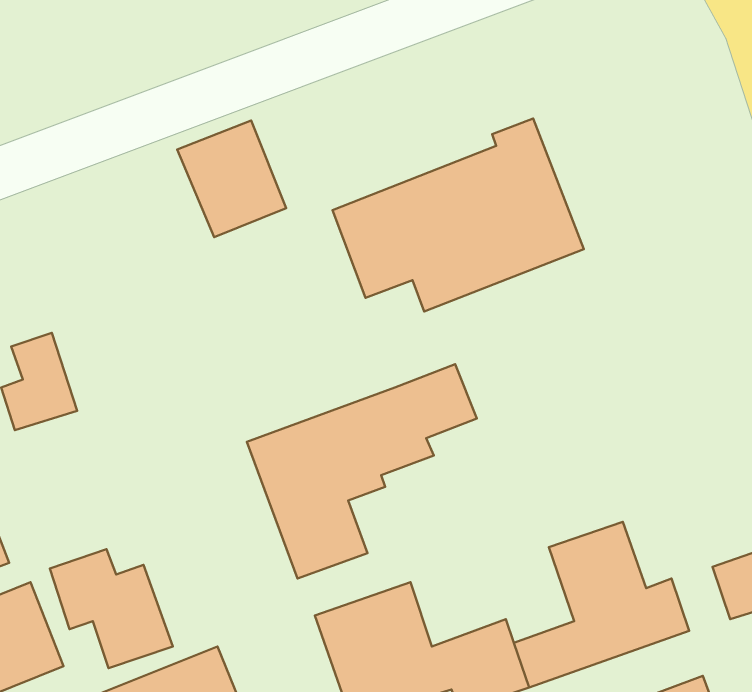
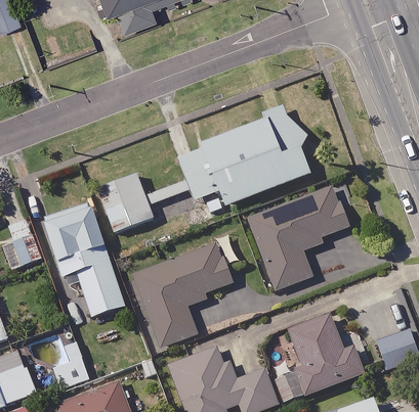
building: [177,120,286,237] -> [96,172,154,233]
building: none -> [248,187,346,289]
building: none -> [42,201,125,318]

